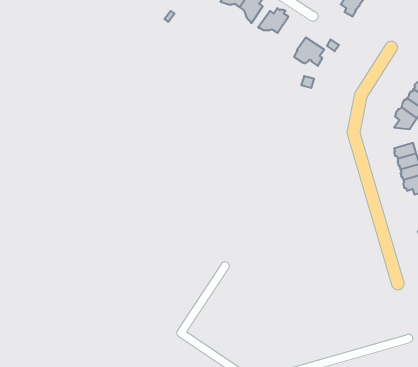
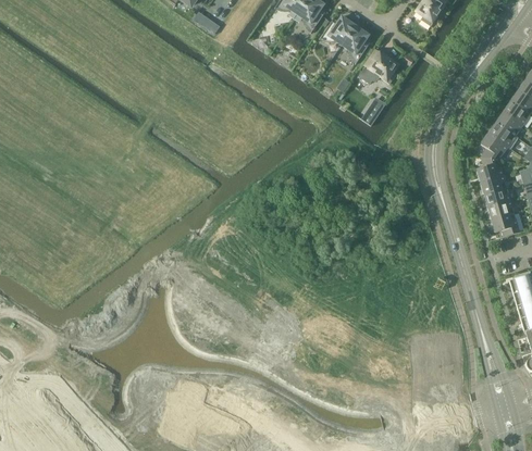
building: none -> [343,26,370,64]
building: none -> [478,158,504,183]

